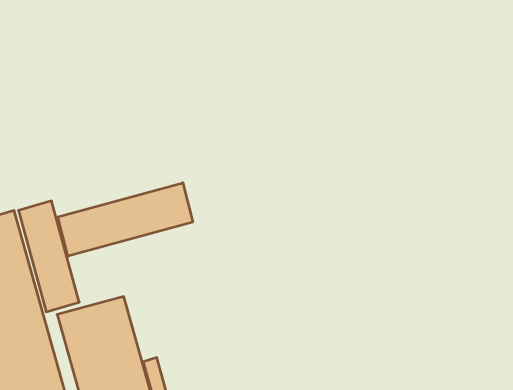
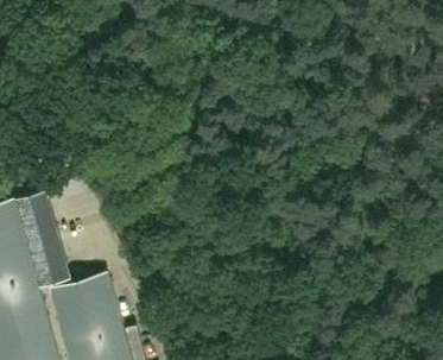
building: [58,183,193,256] -> none

